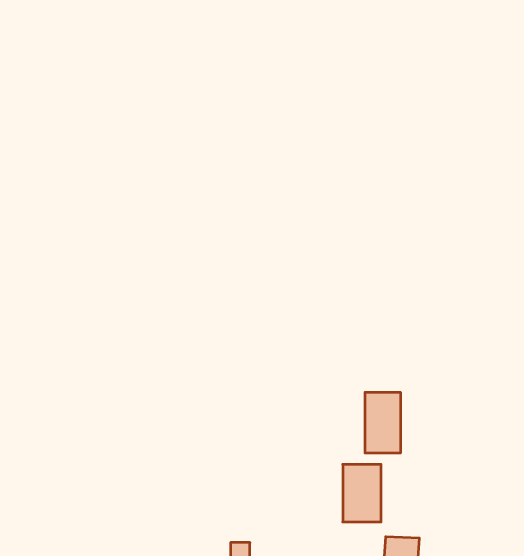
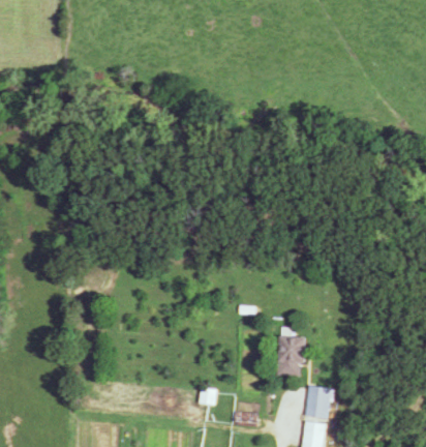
building: [365,392,400,453] -> none

